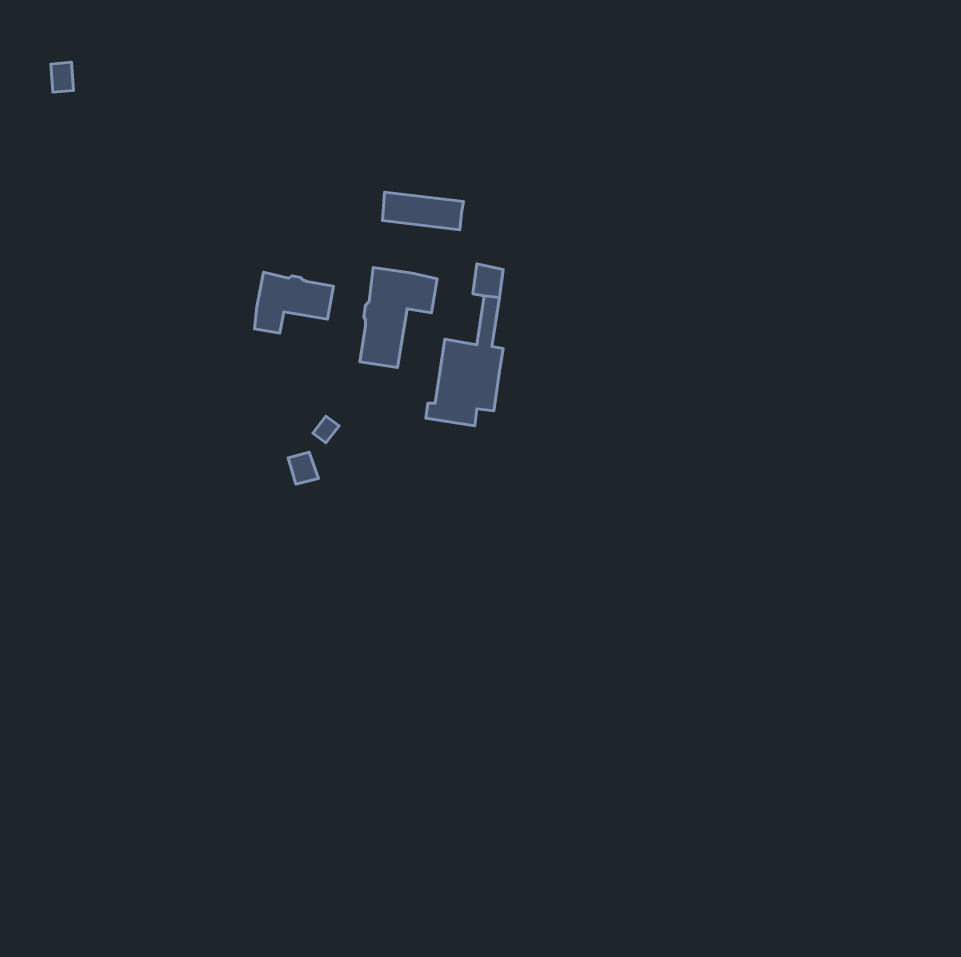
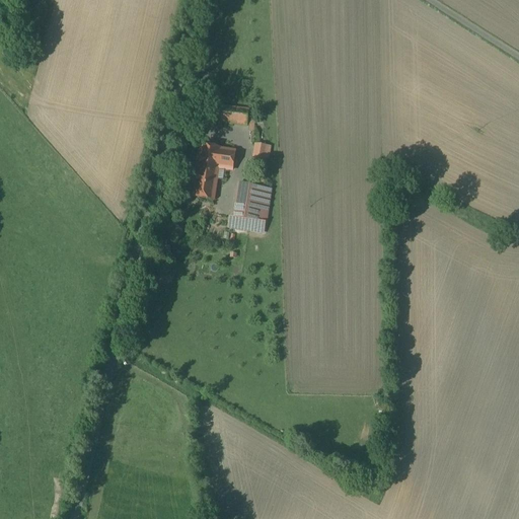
building: [254,272,334,333] -> none

